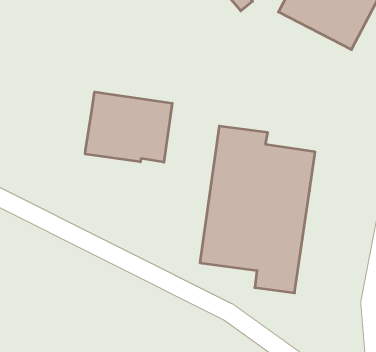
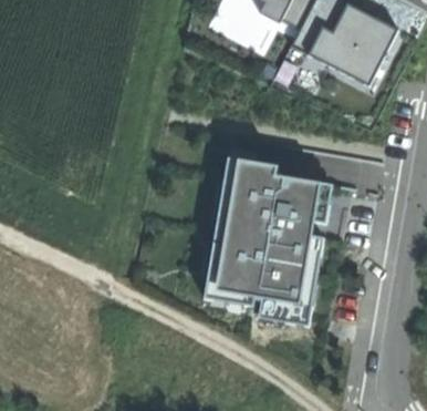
building: [85,92,172,162] -> none

